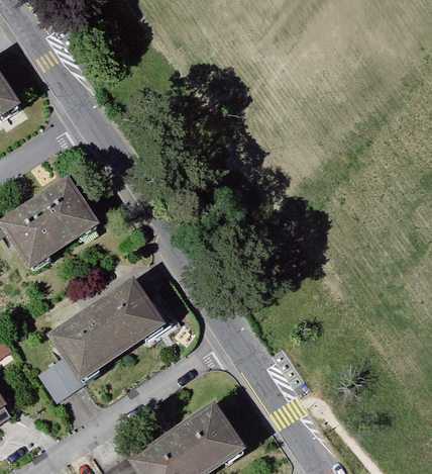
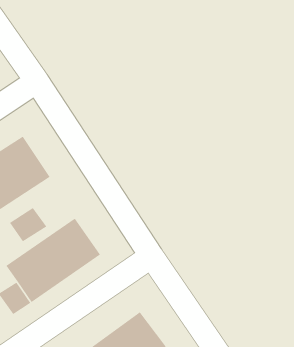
building: none -> [9,207,47,242]

